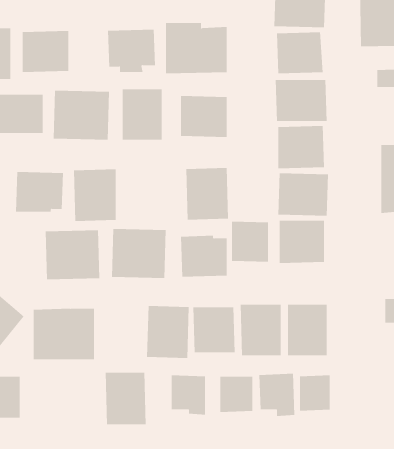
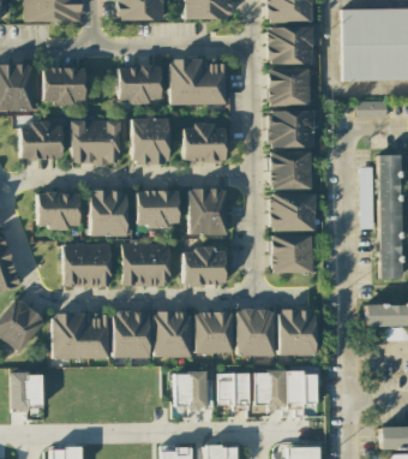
building: none -> [137,191,180,228]
building: [232,221,268,262] -> none
building: [105,372,147,425] -> [113,311,150,358]

